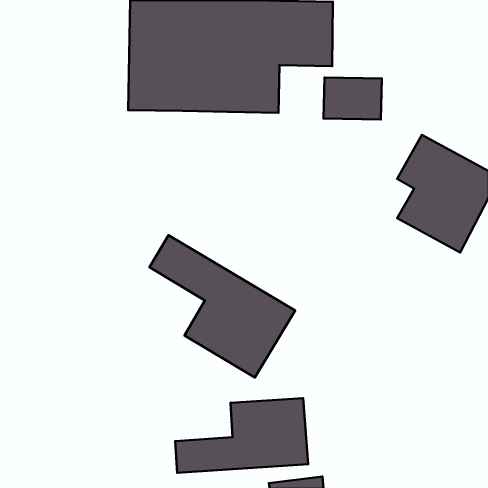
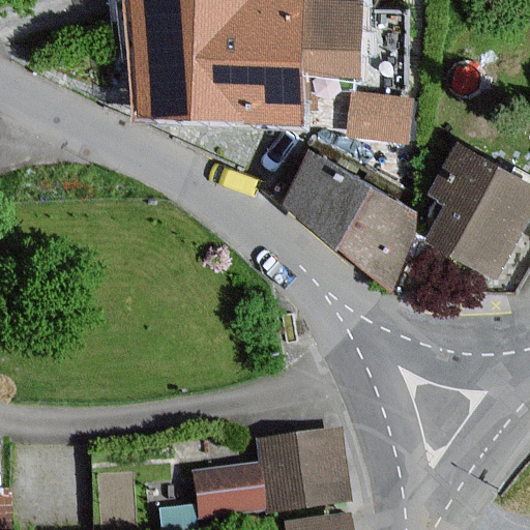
building: none -> [288,155,421,286]
building: [150,235,295,377] -> none

